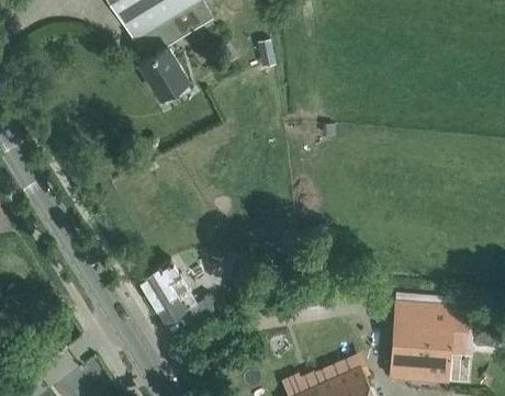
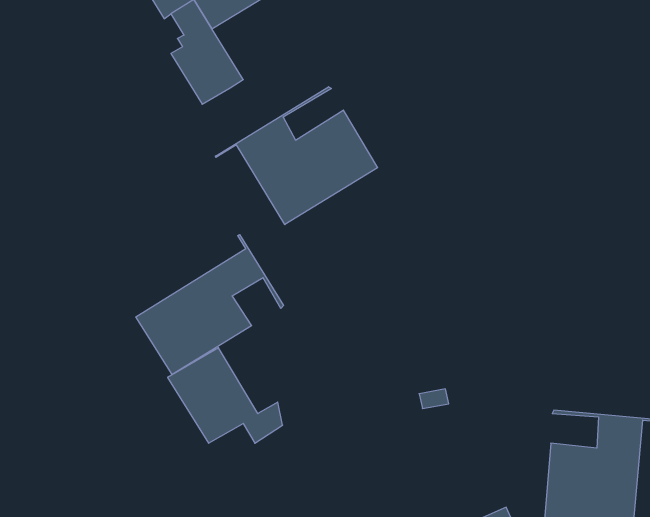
building: none -> [215,87,378,225]
building: none -> [136,235,284,375]

